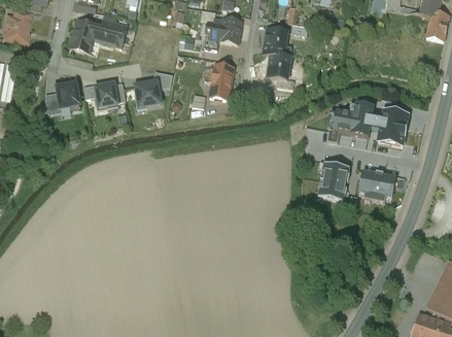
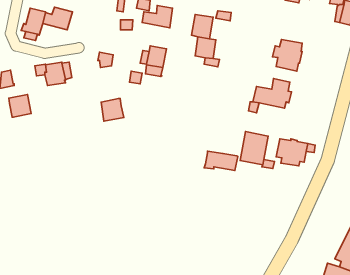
building: [136,80,162,106] -> [101,98,124,121]
building: [55,81,80,107] -> [9,95,31,117]
building: [374,109,408,145] -> [272,40,302,71]
building: none -> [204,151,238,171]

